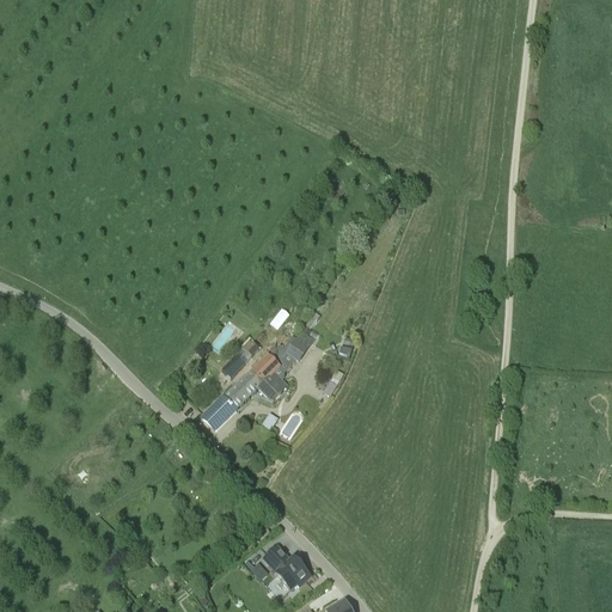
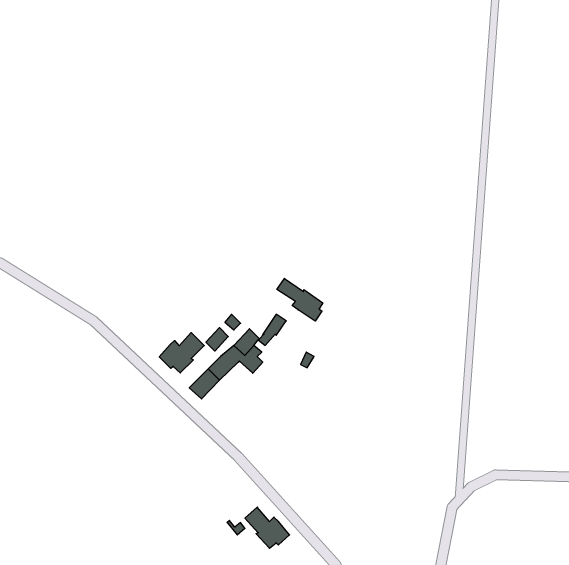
building: none -> [277,278,323,321]
building: none -> [159,333,204,373]

